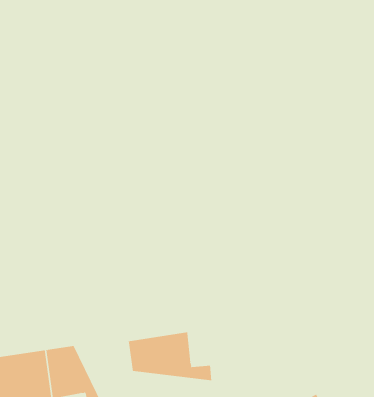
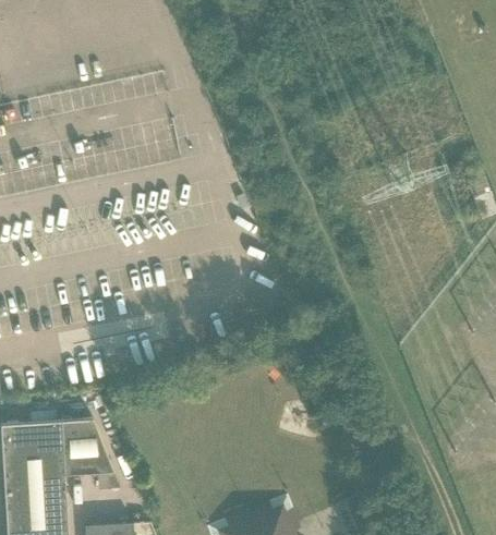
building: [128,332,212,381] -> none

